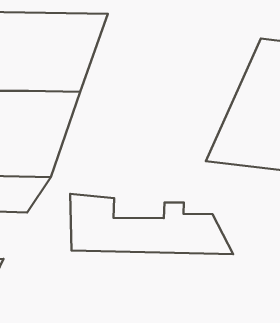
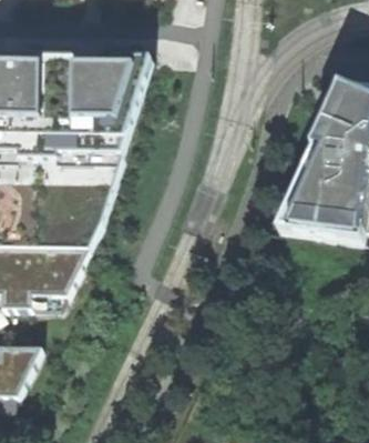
building: [70,194,233,254] -> none

